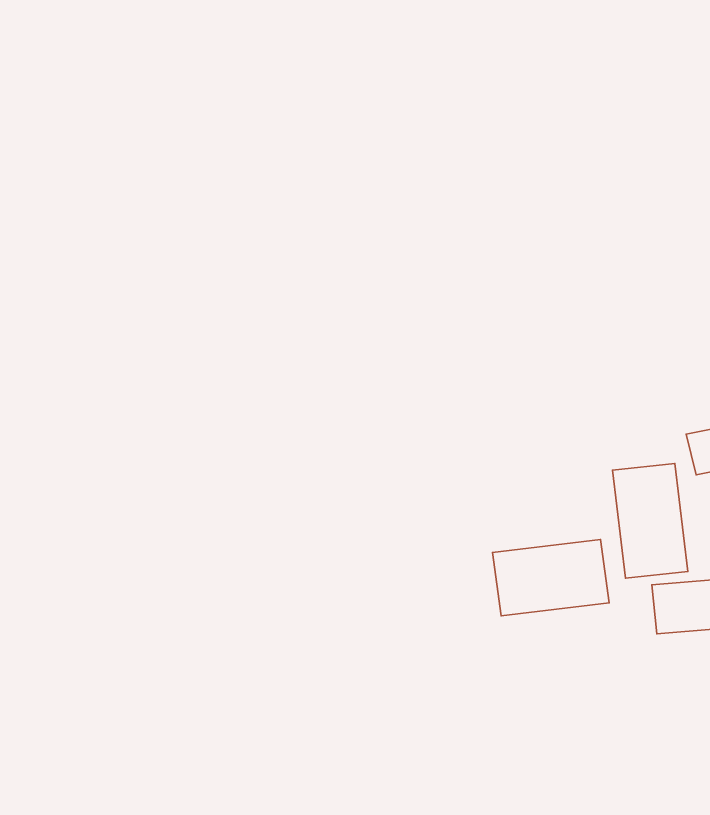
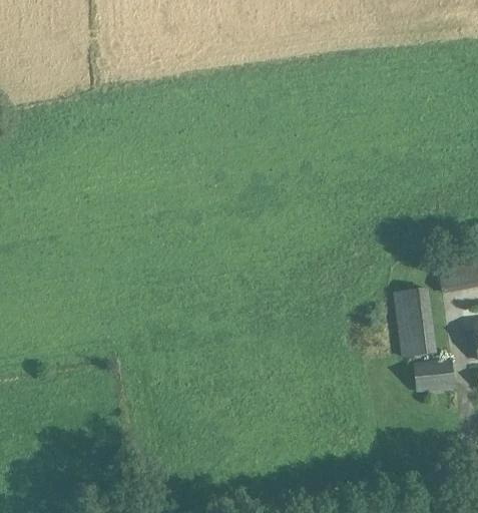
building: [493,540,609,616] -> none

